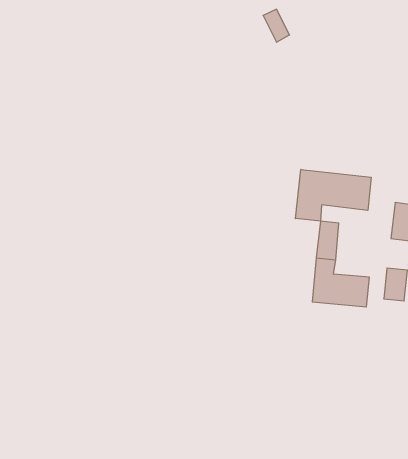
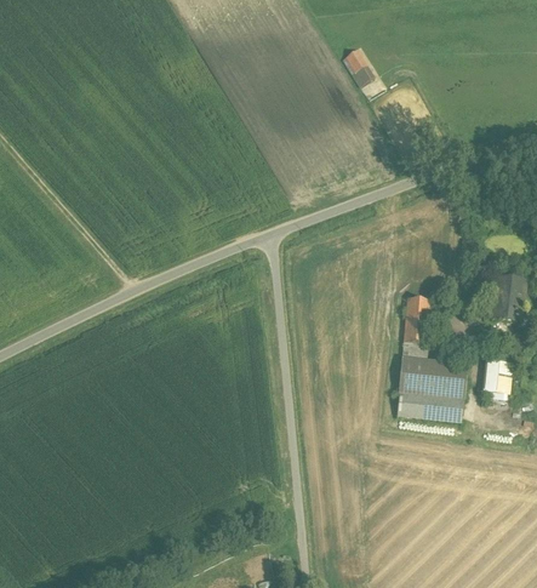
building: [295,169,371,221] -> none
building: none -> [398,394,464,421]

